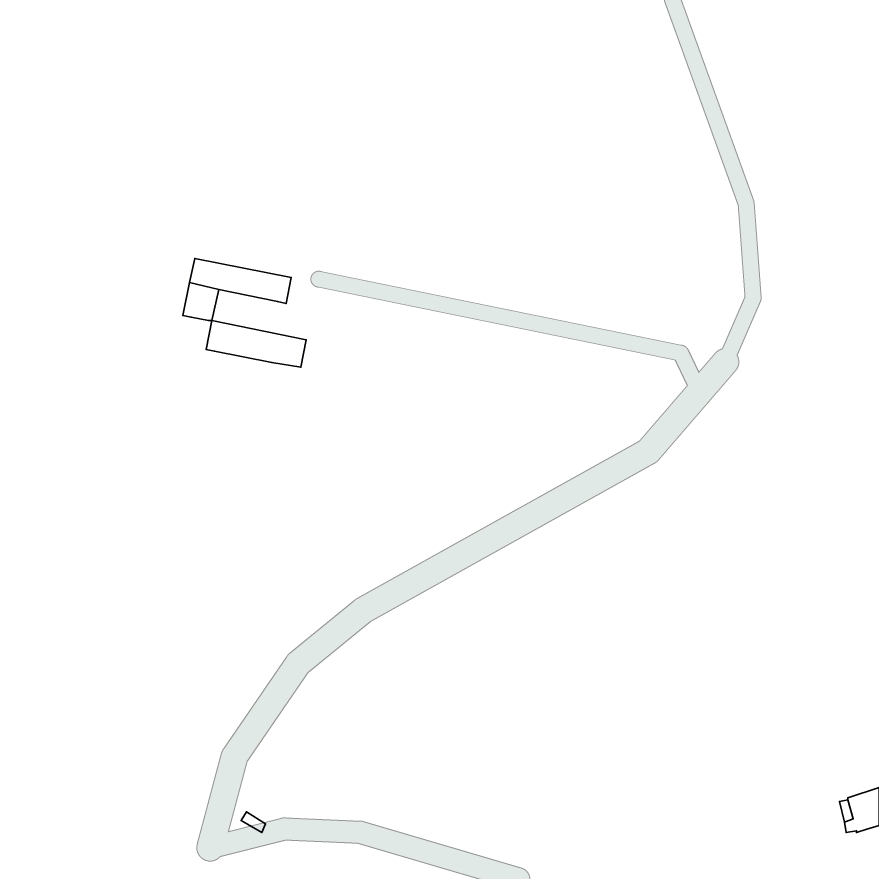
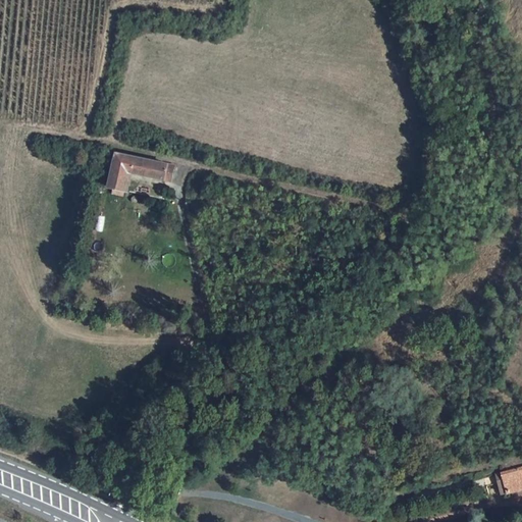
building: [206,321,306,367] -> none

